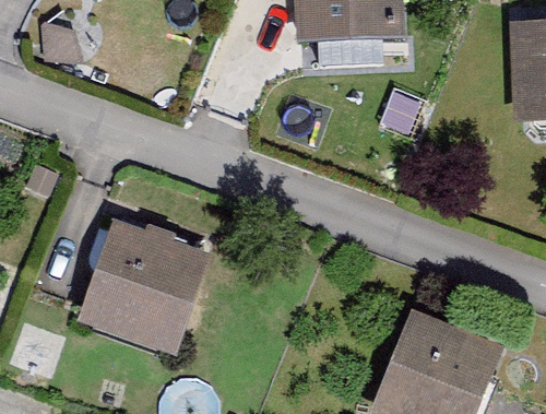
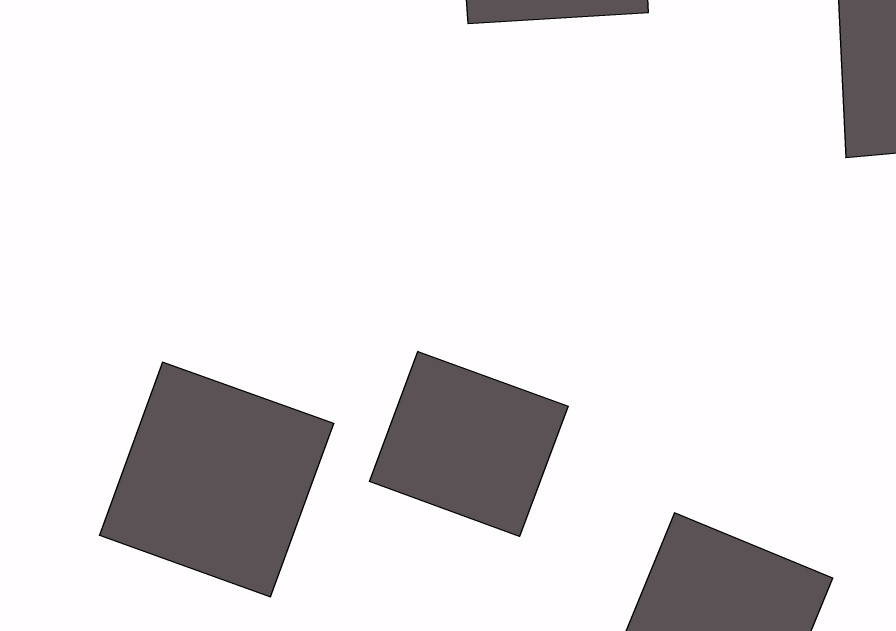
building: none -> [369,351,568,536]

